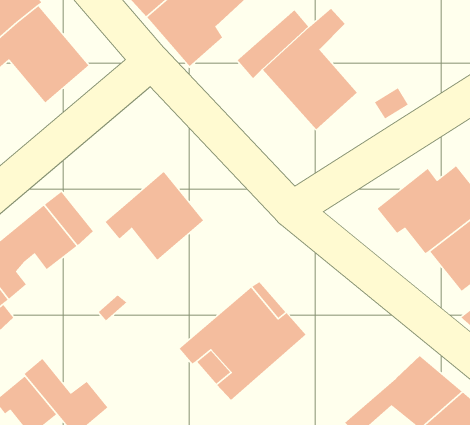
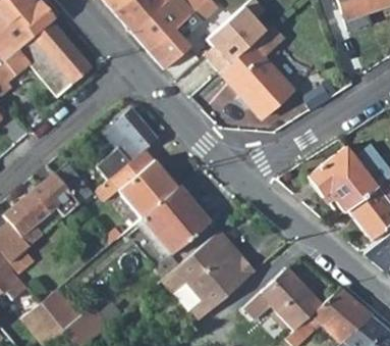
building: none -> [105,109,158,174]
building: none -> [142,185,210,254]
building: none -> [244,267,322,331]

